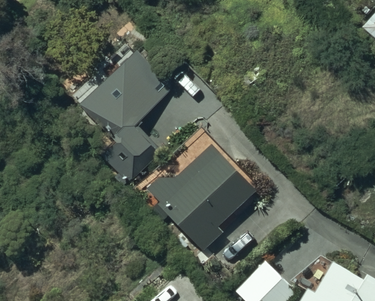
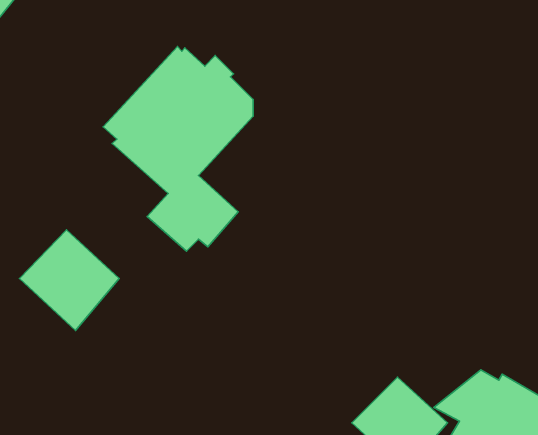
building: [146,144,255,250] -> none
building: none -> [19,230,119,330]

